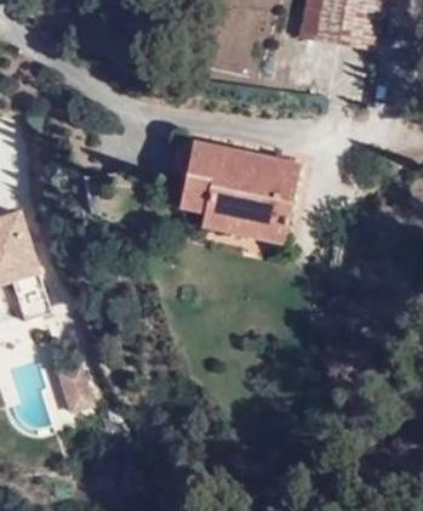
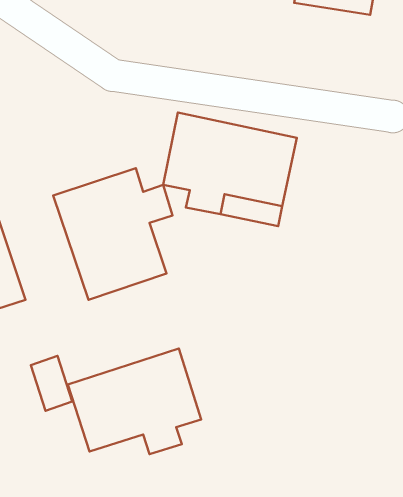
building: none -> [53,168,173,300]
building: none -> [68,349,201,454]

